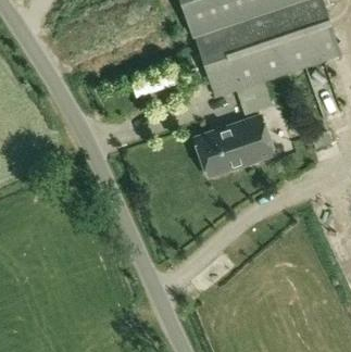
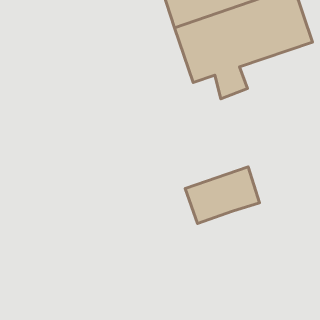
building: [196,117,274,177] -> [185,167,259,224]

